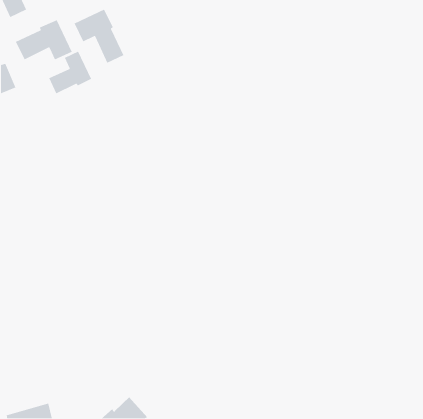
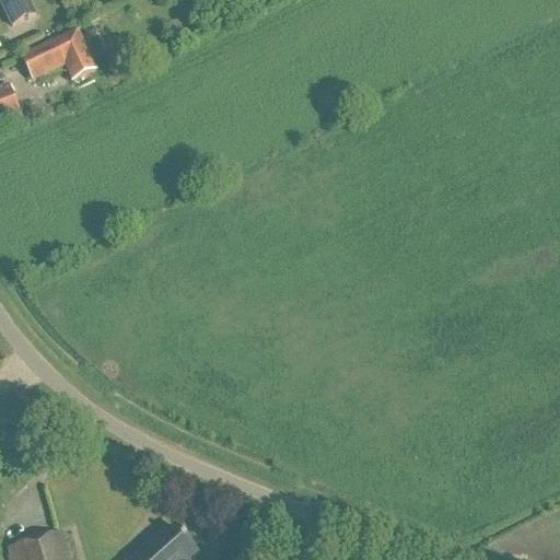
building: [73,8,125,64] -> none
building: [48,50,92,94] -> none

